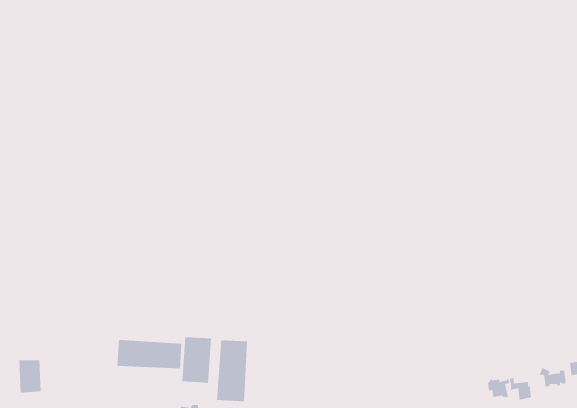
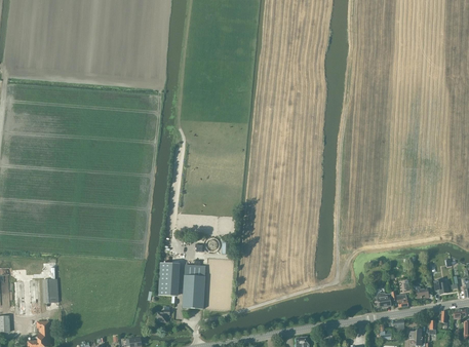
building: [117,339,182,369] -> none

